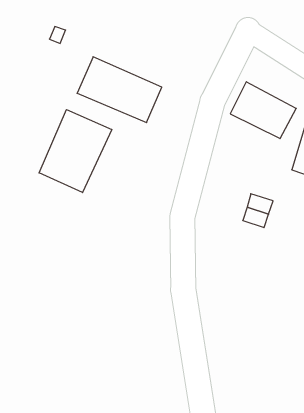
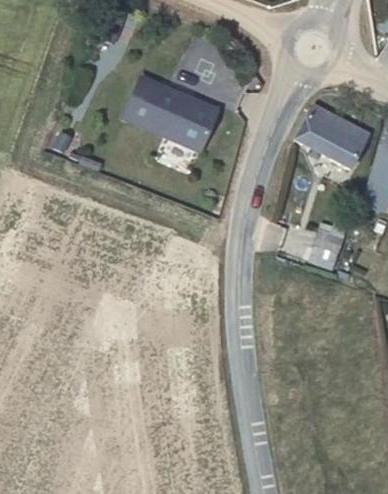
building: [39,110,112,193] -> none

